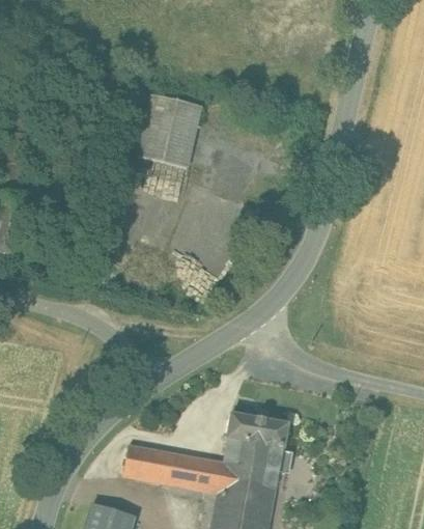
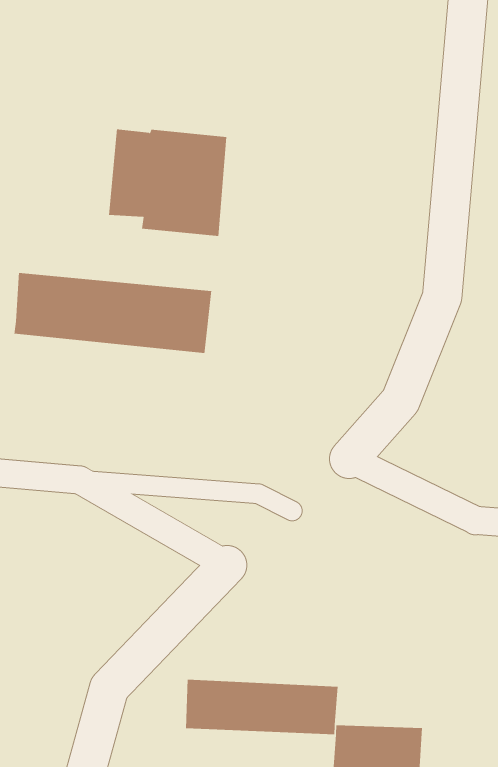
building: none -> [14,272,212,354]
building: [221,414,289,496] -> none

